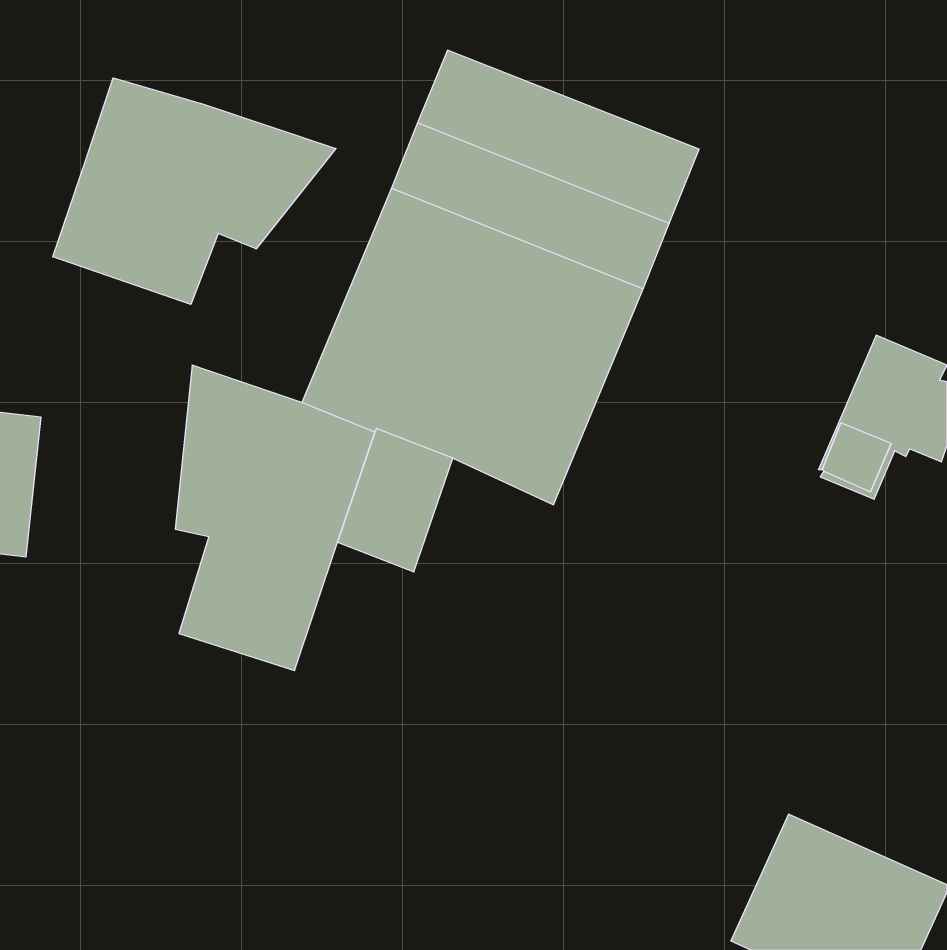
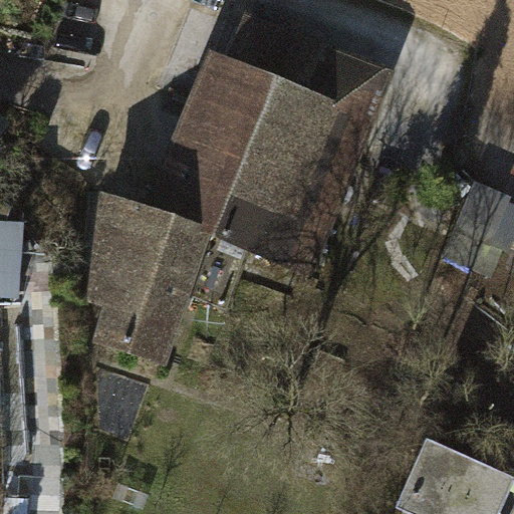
building: [53,78,336,304] -> none

